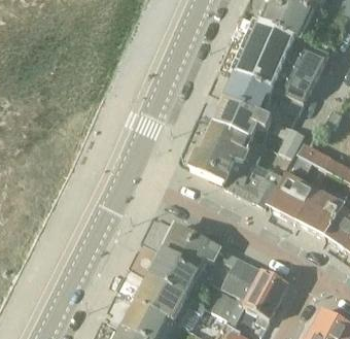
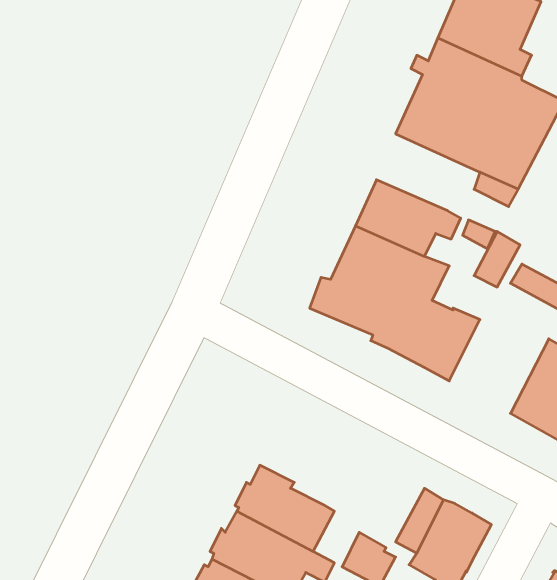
building: [226,73,275,114] -> none
building: [271,168,319,225] -> none
building: [164,225,219,273] -> none
building: [213,251,249,292] -> none

